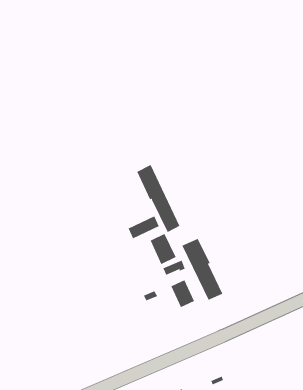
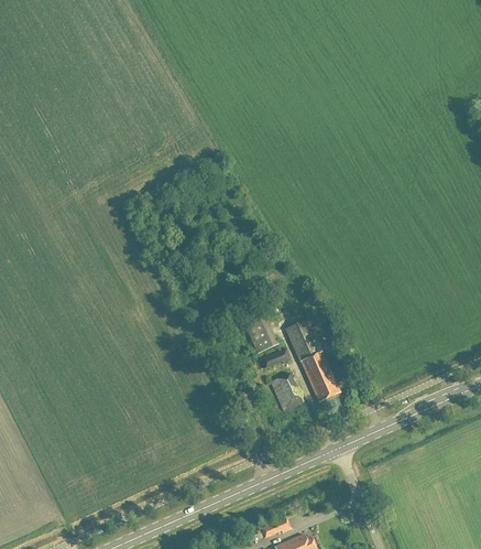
building: [137,164,180,233] -> none
building: [128,216,160,239] -> none

